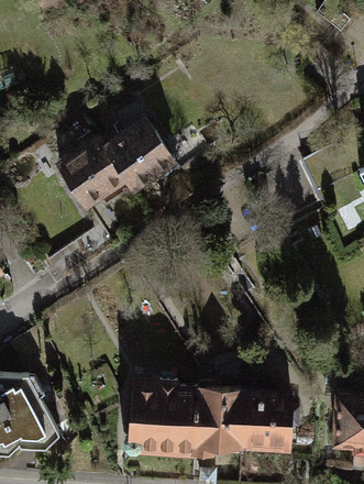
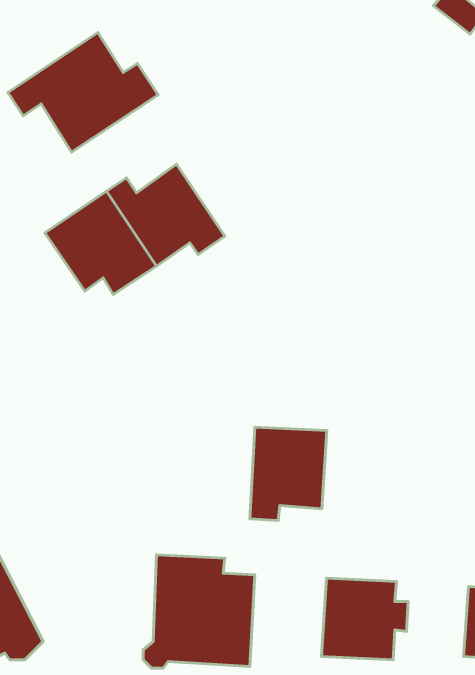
building: none -> [8,33,158,152]
building: [192,389,243,451] -> [250,427,327,521]

